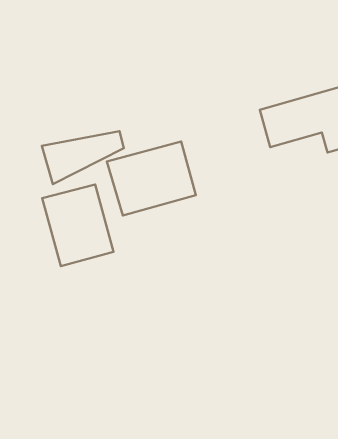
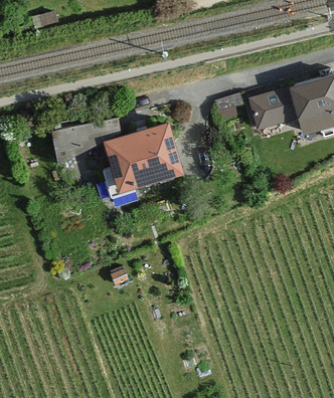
building: [42,185,113,266] -> none

